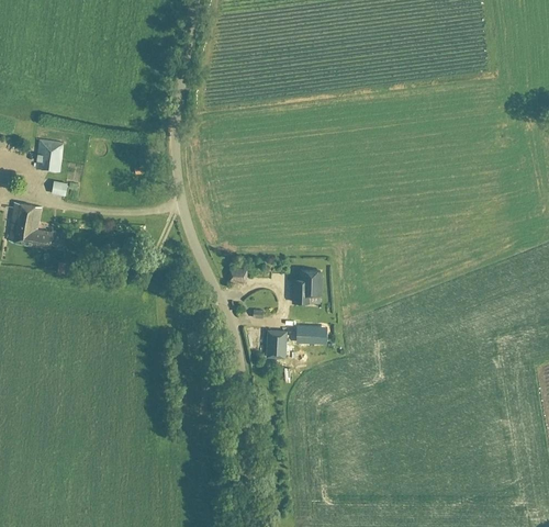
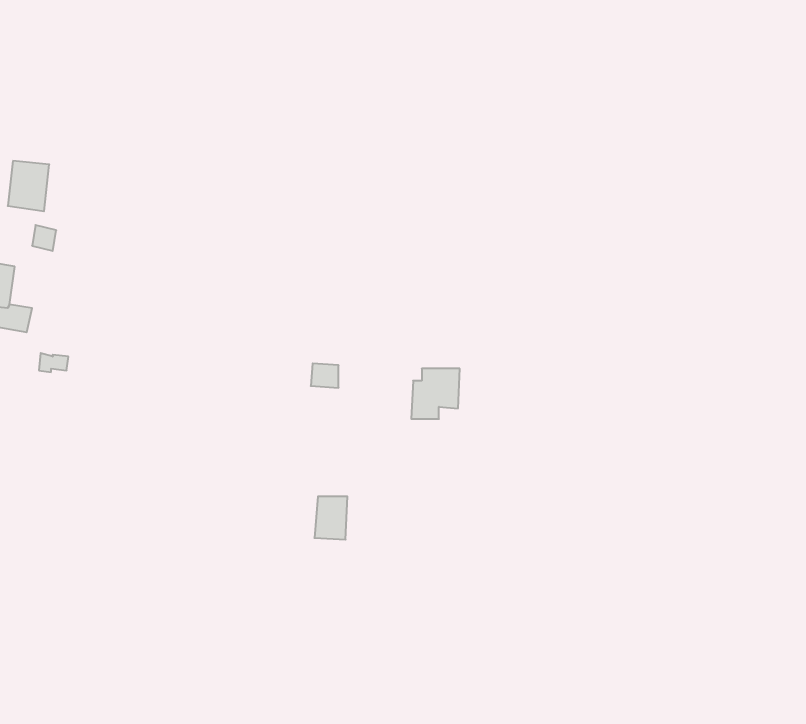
building: [295,326,320,344] -> none
building: [267,330,288,358] -> [314,496,347,540]

